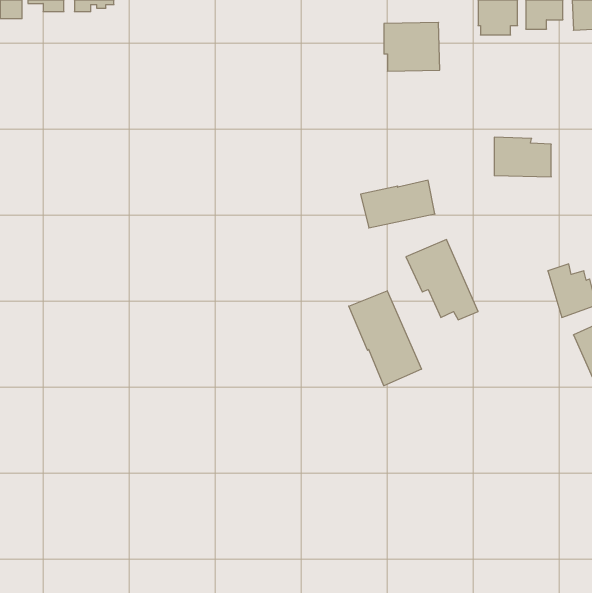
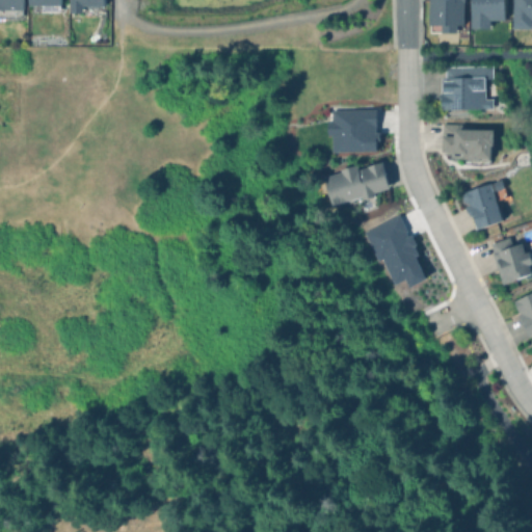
building: [384,22,440,71] -> [329,109,379,153]
building: none -> [444,66,495,109]
building: none -> [466,180,506,230]
building: [349,291,421,386] -> none

